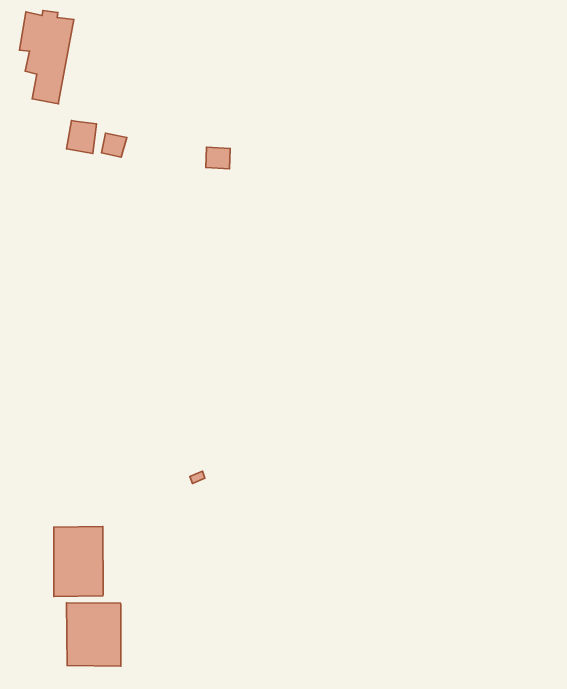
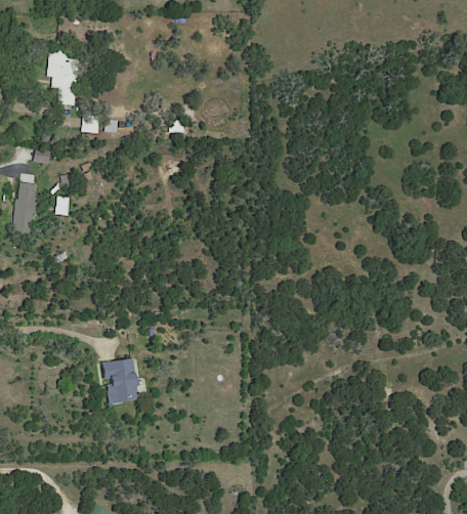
building: [67,603,121,666] -> none

